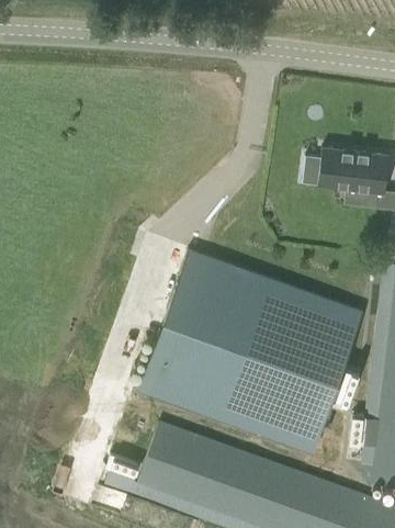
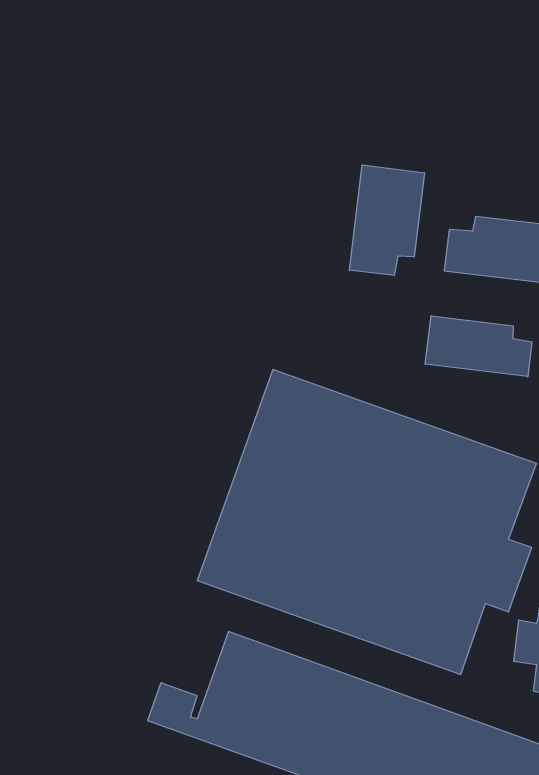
building: none -> [349,165,425,276]
building: none -> [425,316,532,377]

